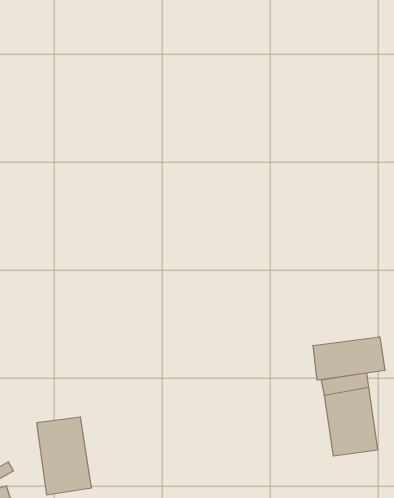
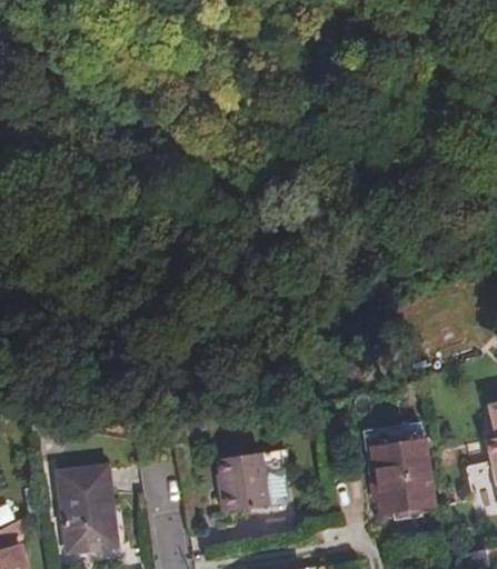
building: [313,337,385,380] -> none
building: none -> [218,452,269,512]

